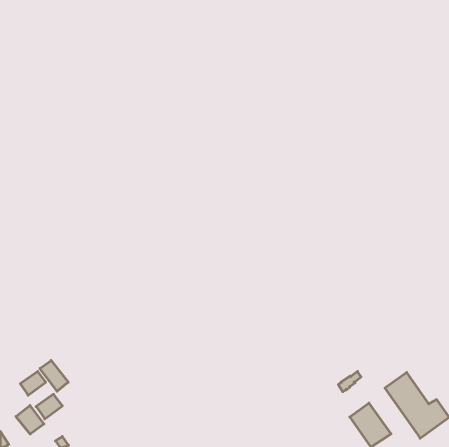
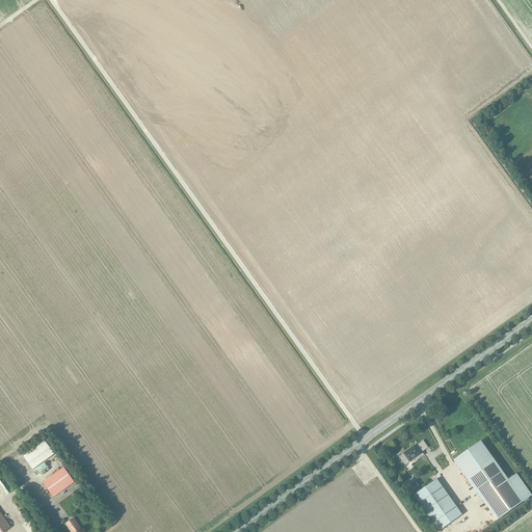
building: [40,360,68,391] -> none
building: [16,405,44,434] -> none

